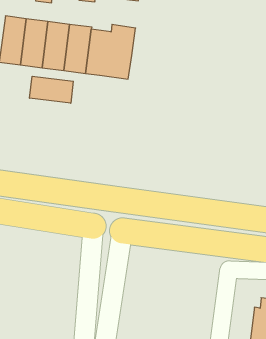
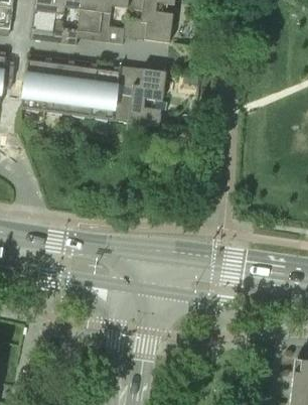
building: [30,76,73,103] -> none

